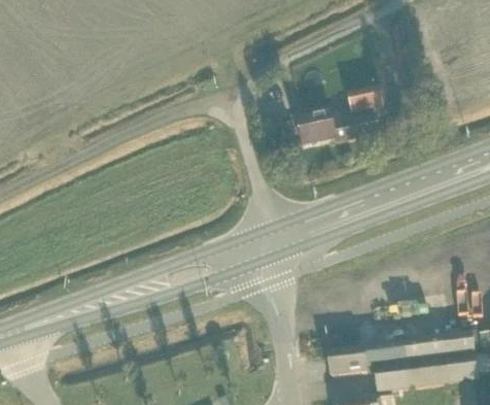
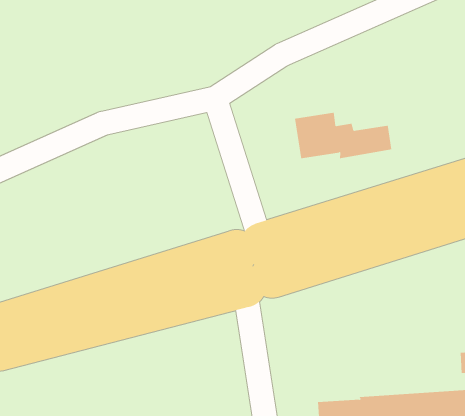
building: [347,89,384,114] -> none

